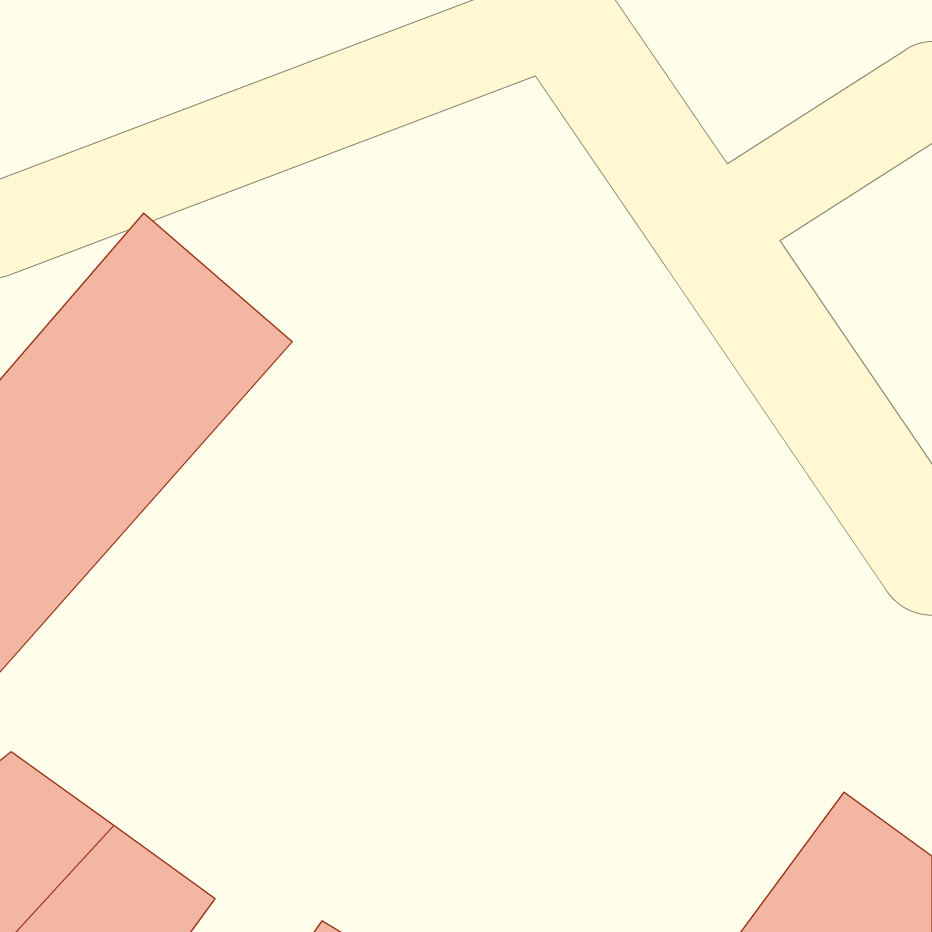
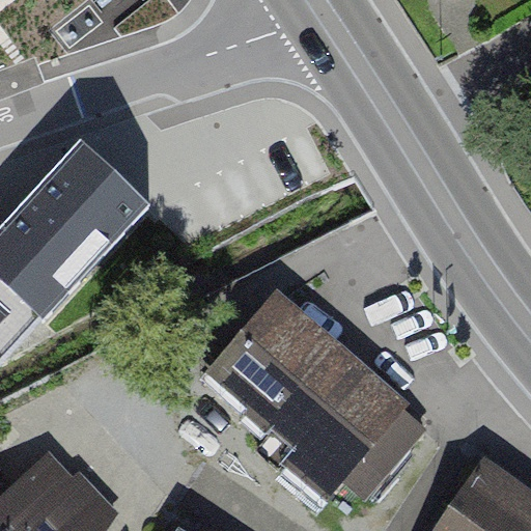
building: none -> [202,296,421,507]

